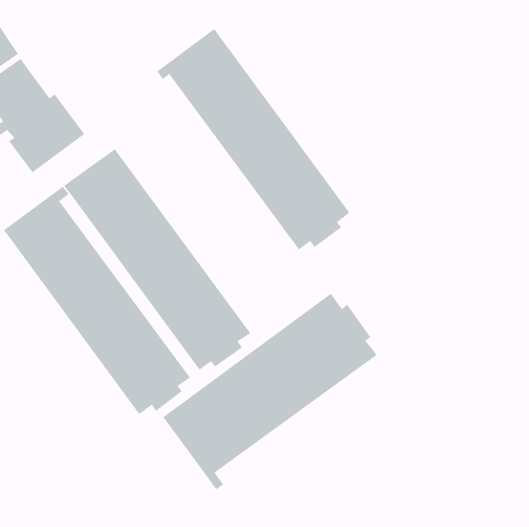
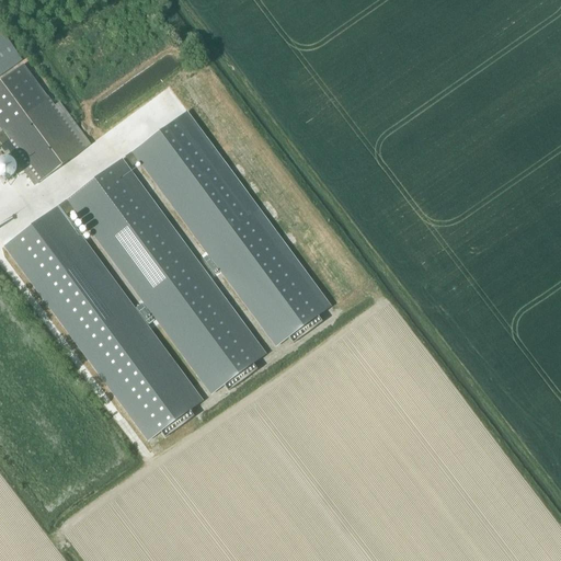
building: [156,28,350,250] -> [125,108,330,343]
building: [162,293,377,490] -> none

